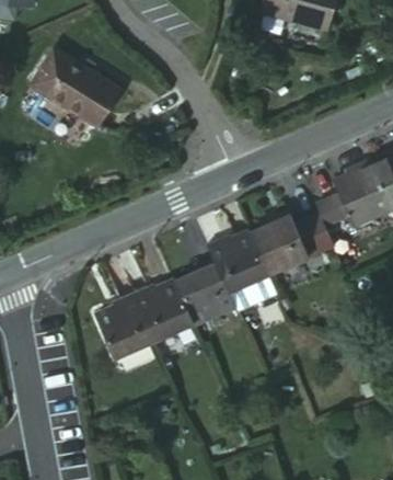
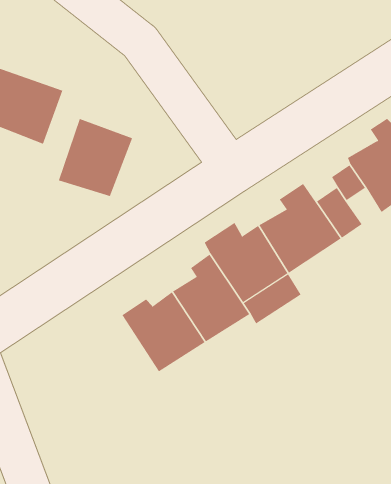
building: none -> [58,118,133,197]
building: [97,276,155,344] -> none

